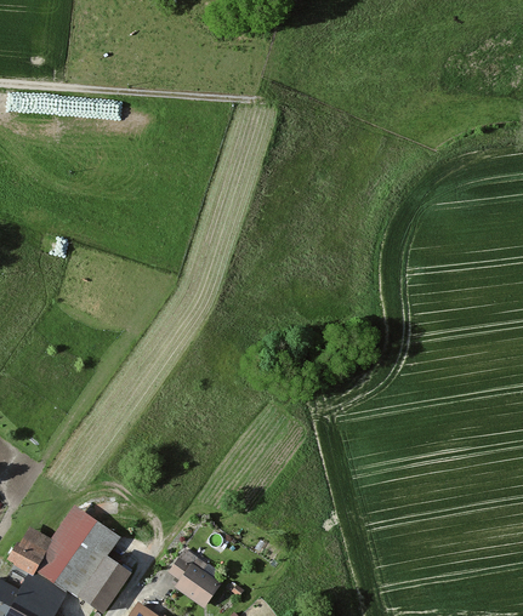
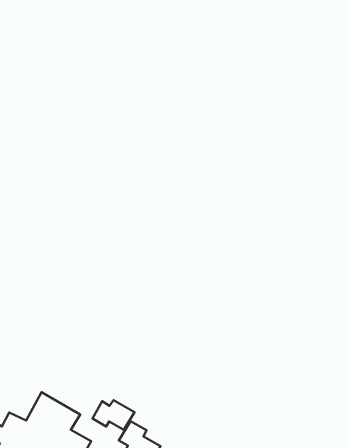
building: none -> [92,400,134,430]

